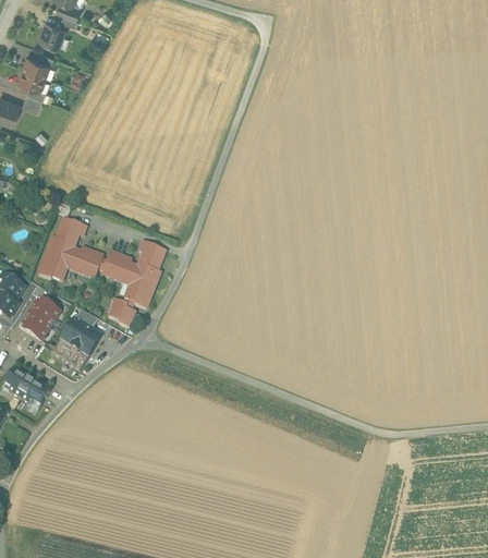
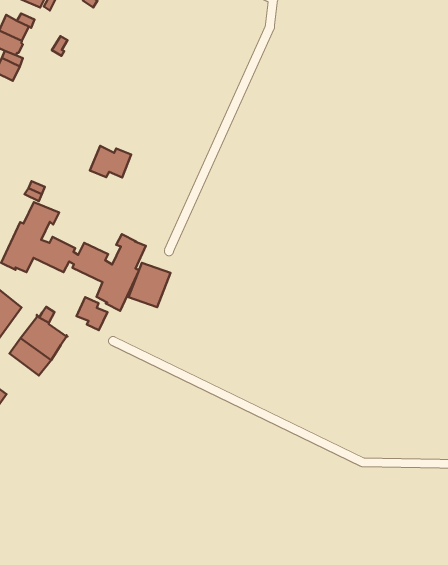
building: none -> [90,146,131,178]
building: none -> [128,263,171,307]

